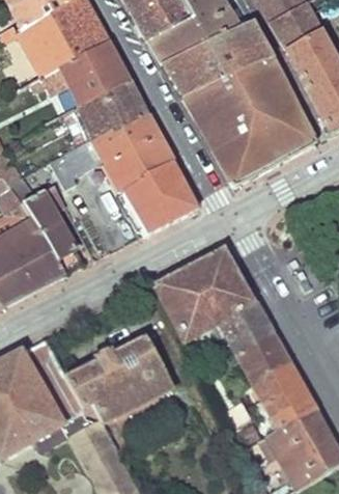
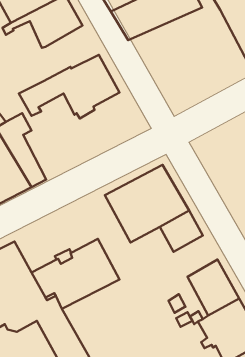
building: [181,56,315,185] -> none
building: [62,78,146,145] -> none
building: [123,159,196,230] -> none
building: [236,331,289,381] -> none

